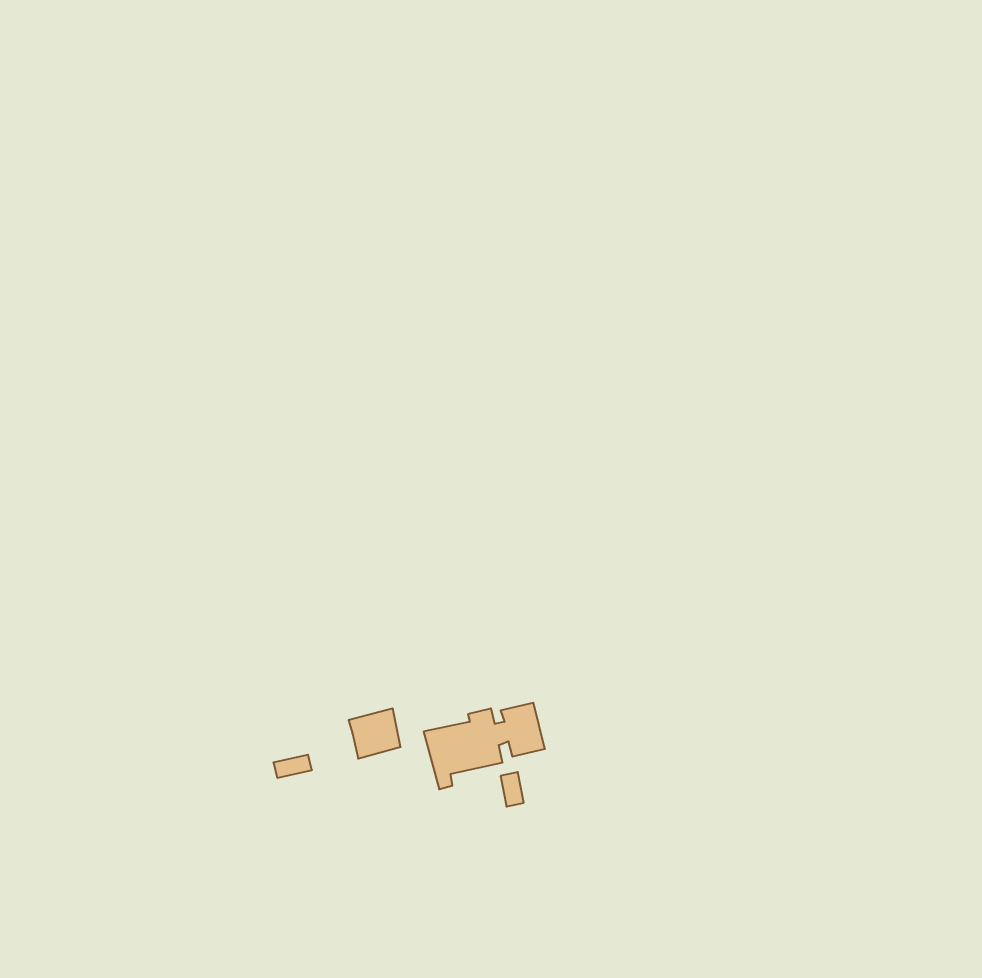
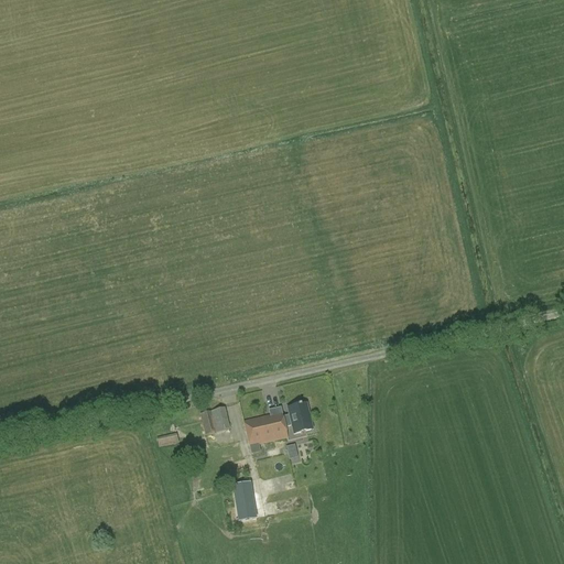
building: none -> [234,481,256,511]

